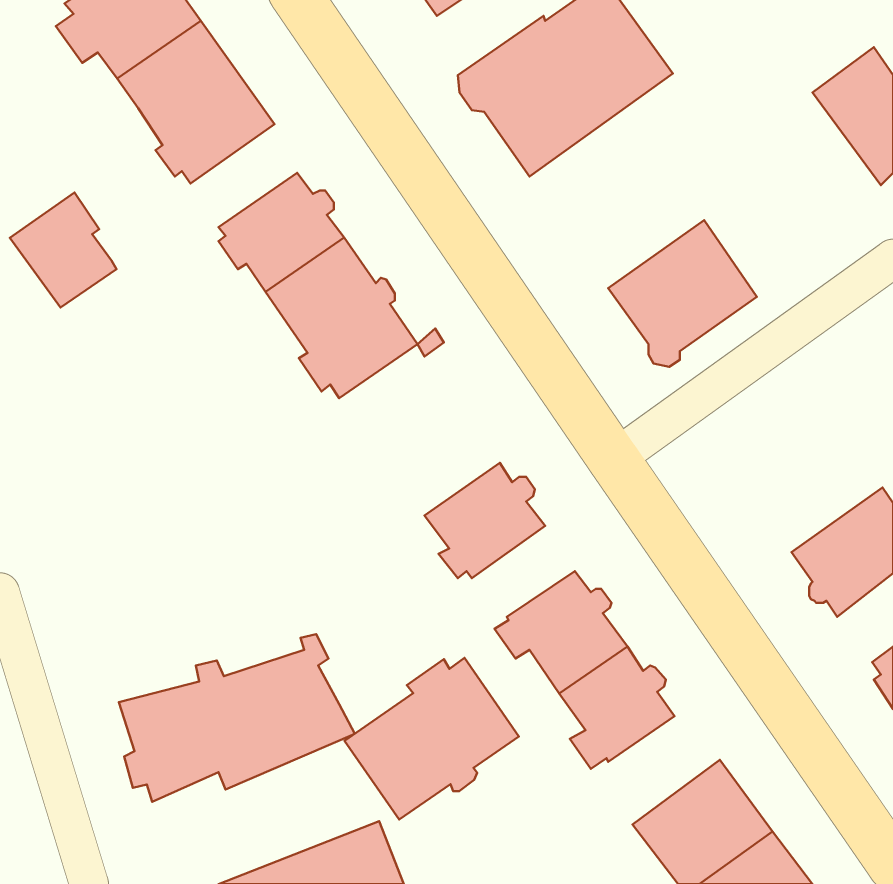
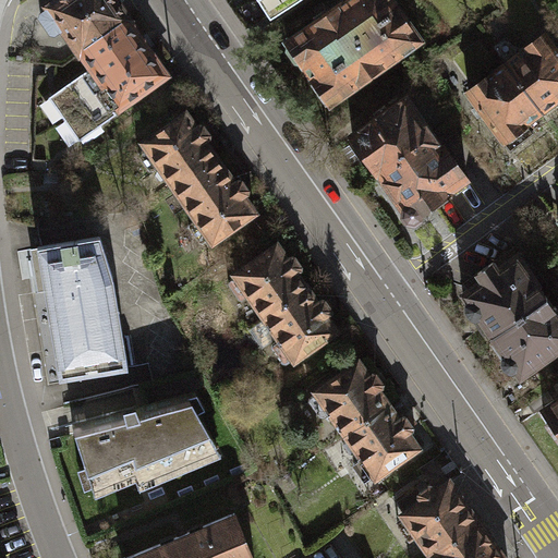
building: none -> [466,58,549,145]
building: none -> [349,95,439,180]
building: [10,192,117,308] -> [46,68,112,140]
building: none -> [228,240,312,322]
building: none -> [36,241,129,384]
building: none -> [461,259,550,344]
building: [345,658,519,820] -> none

